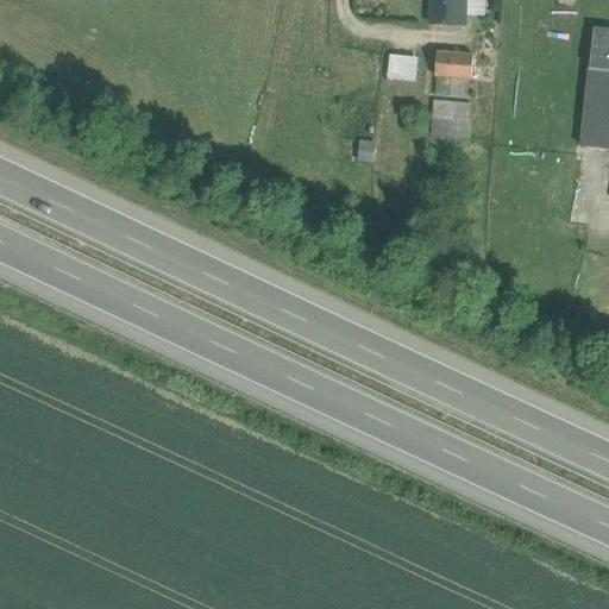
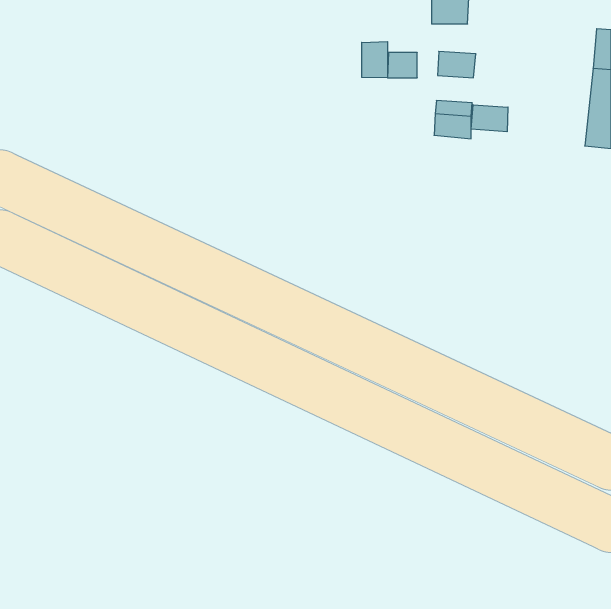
building: none -> [362,42,387,78]
building: none -> [471,105,508,132]

